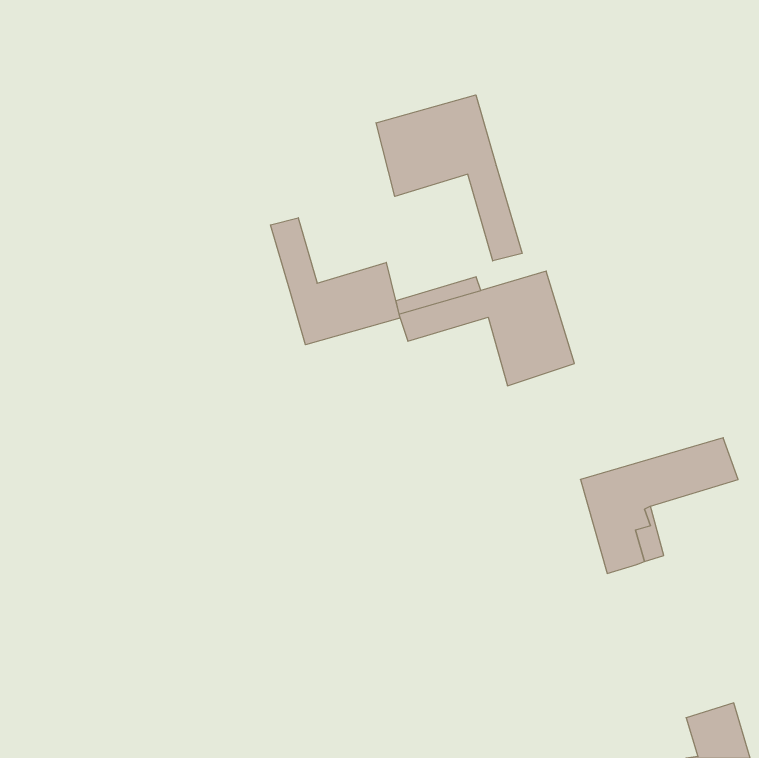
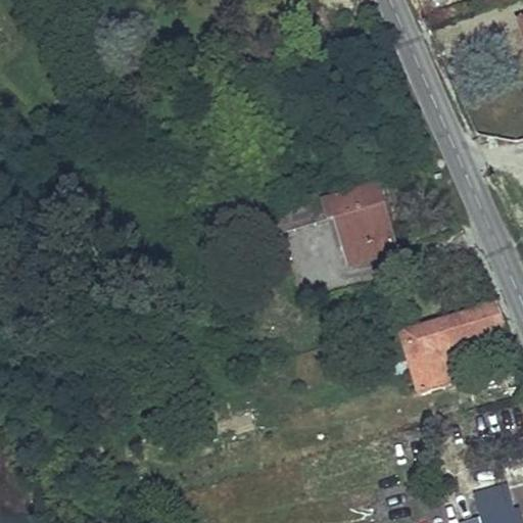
building: [376,95,522,261] -> none
building: [270,218,400,345] -> none

